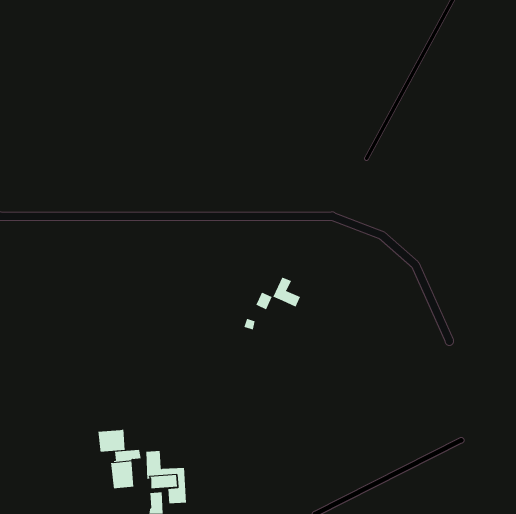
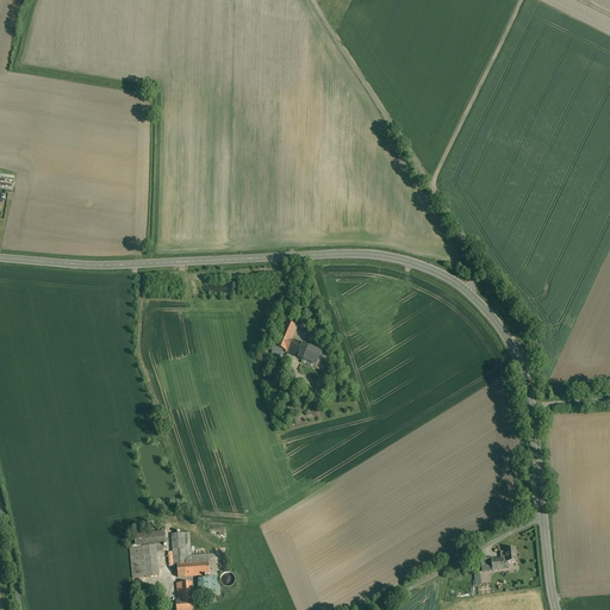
building: [273,277,301,308] -> [275,320,309,357]
building: [98,429,125,453] -> none

